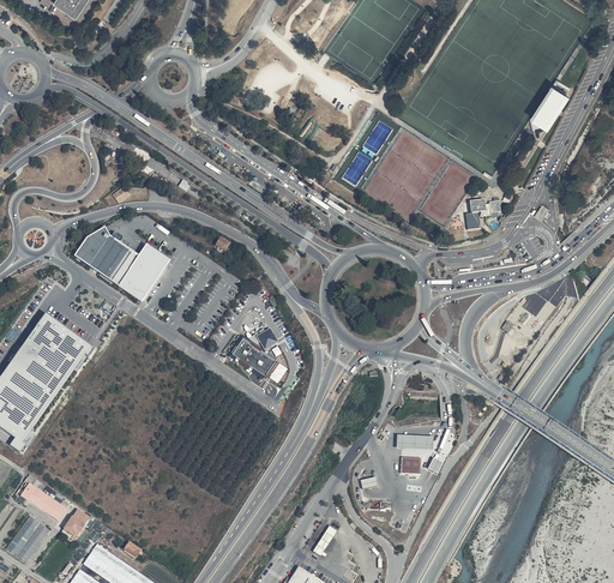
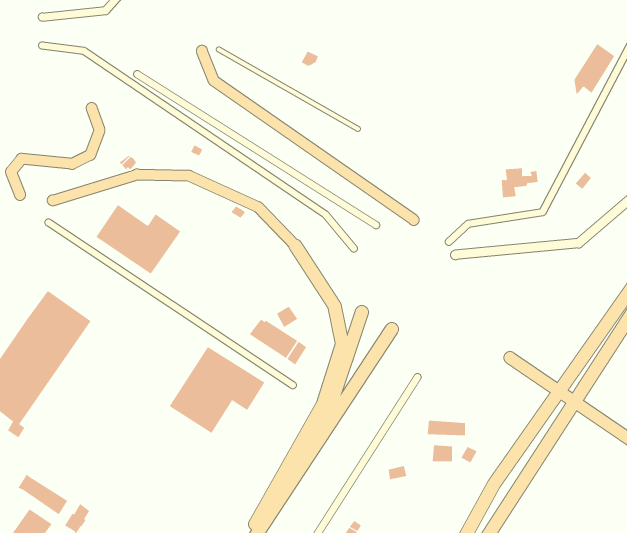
building: [74,224,110,264] -> none
building: none -> [169,346,265,434]

